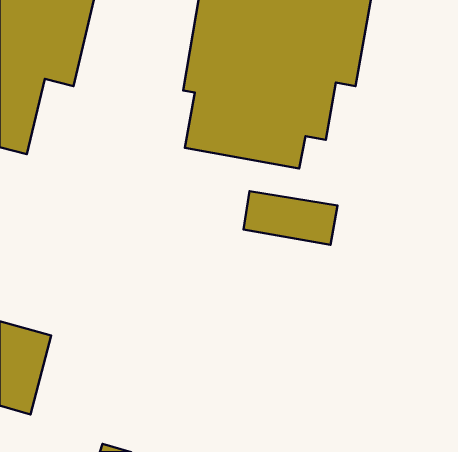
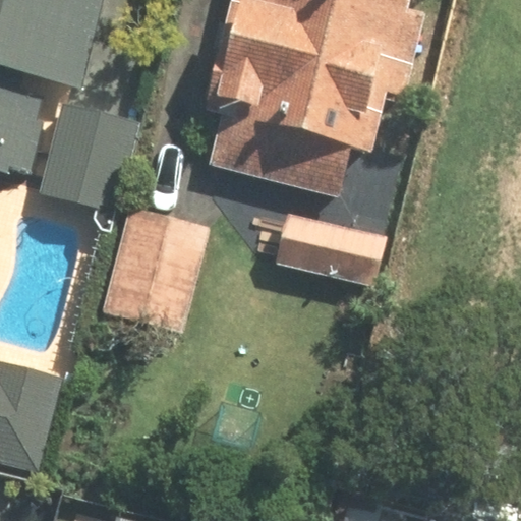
building: none -> [41,102,136,210]
building: none -> [106,210,209,330]

